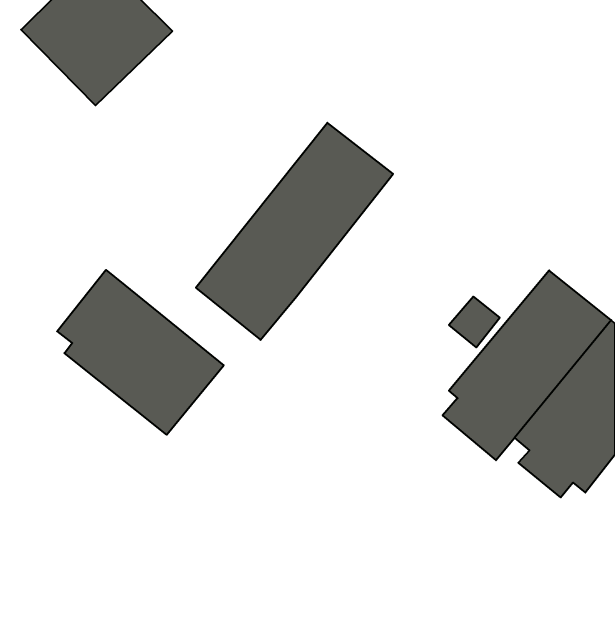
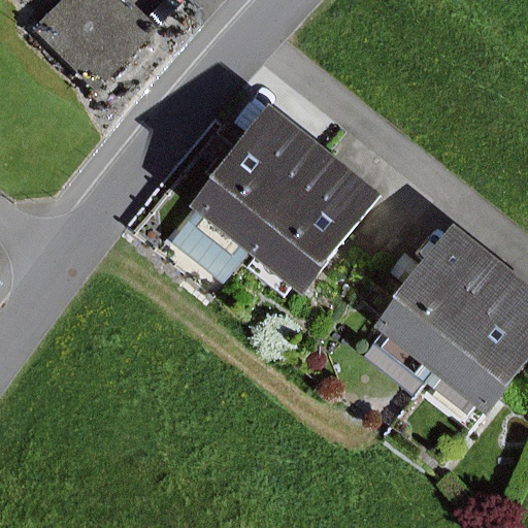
building: none -> [246,144,386,293]
building: [57,270,224,435] -> none

